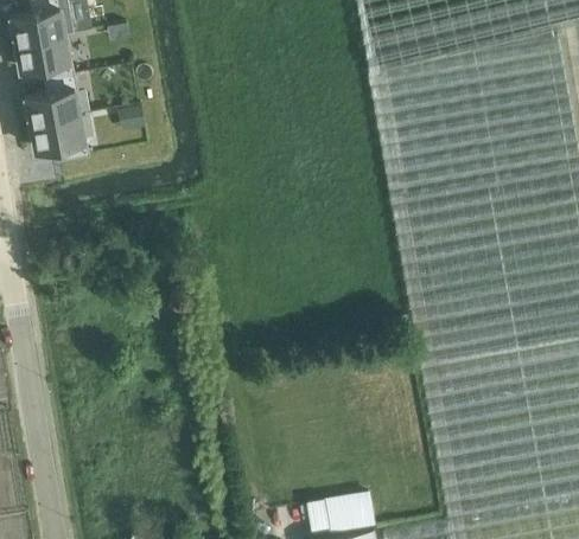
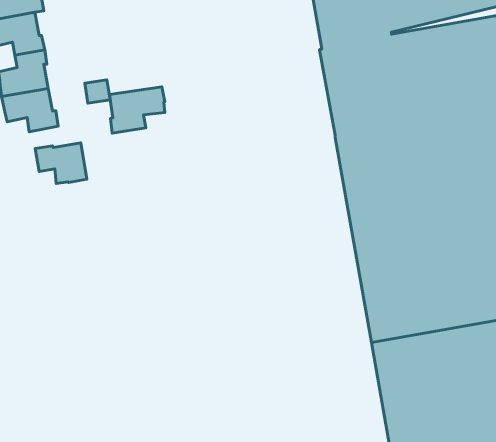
building: none -> [109,87,165,133]
building: none -> [35,143,87,184]

